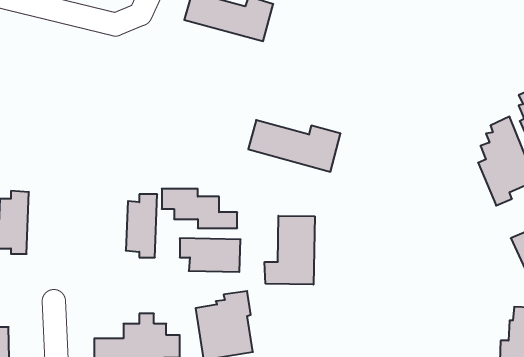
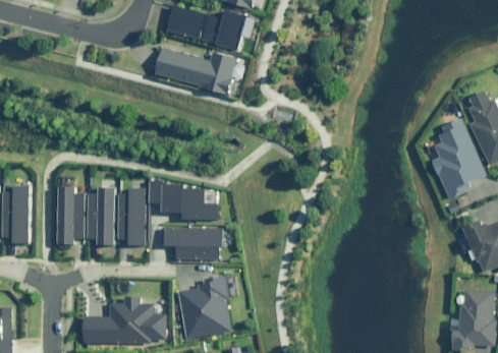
building: [248,120,341,172] -> [157,47,240,94]
building: none -> [55,187,82,244]
building: none -> [85,190,113,247]
building: [265,216,315,285] -> none

